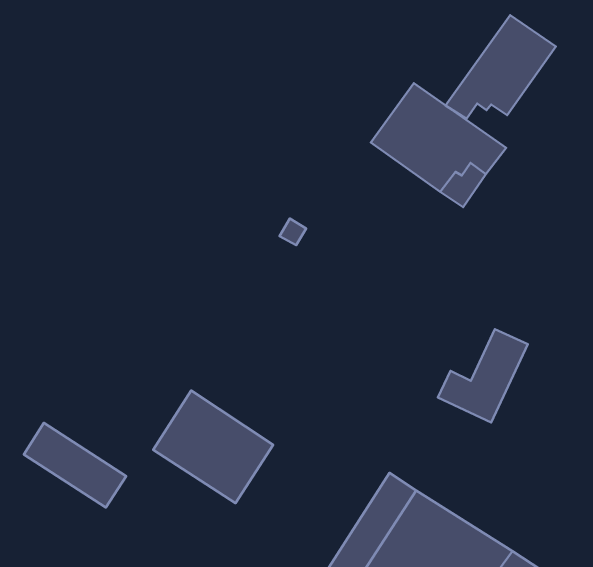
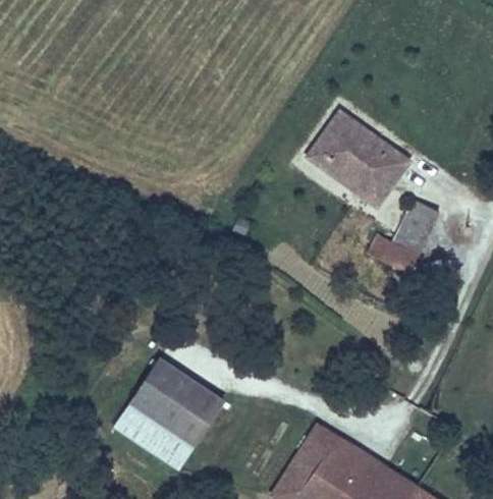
building: [445,15,556,119] -> none
building: [438,329,528,423] -> [366,201,438,276]
building: [24,423,126,508] -> [112,403,195,472]

